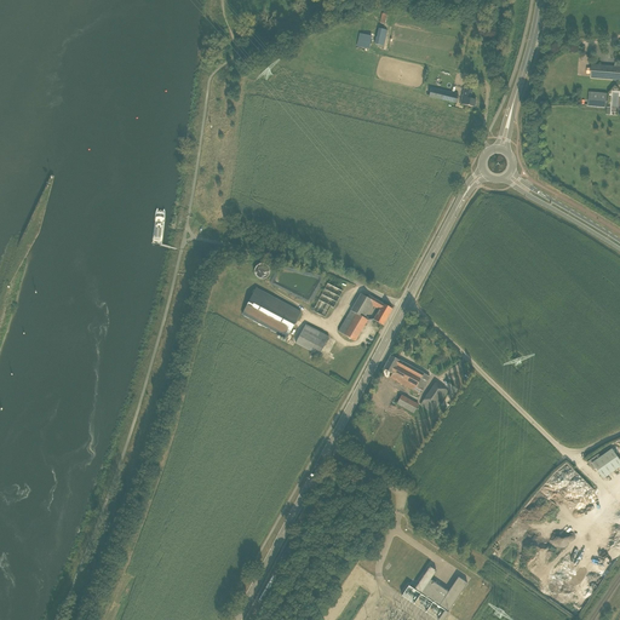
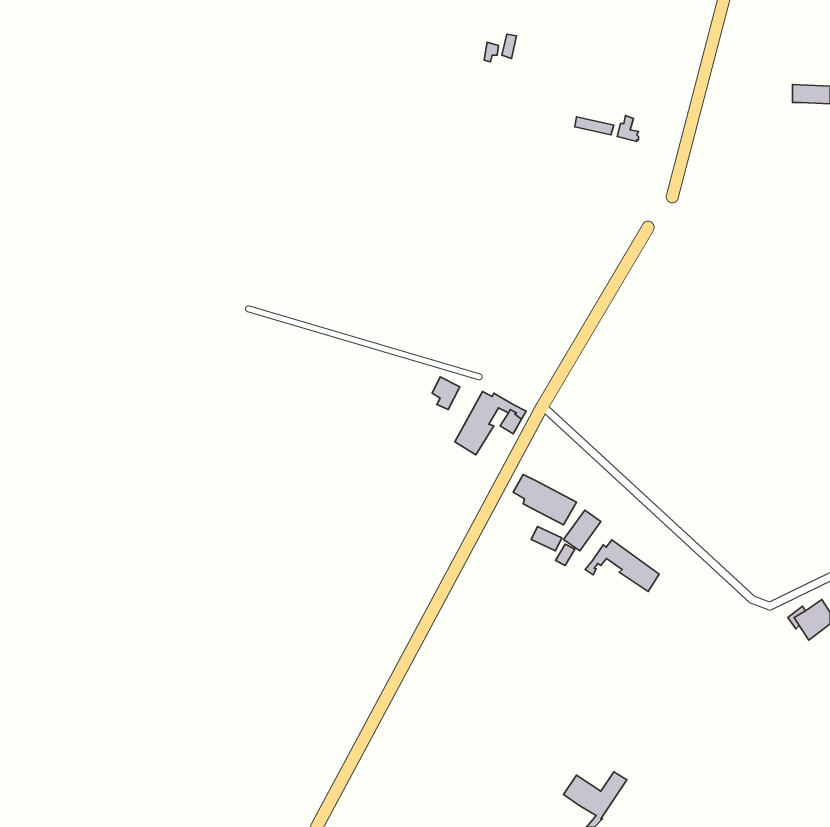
building: [242,286,302,337] -> none
building: [295,322,329,354] -> none
building: none -> [585,540,659,592]

